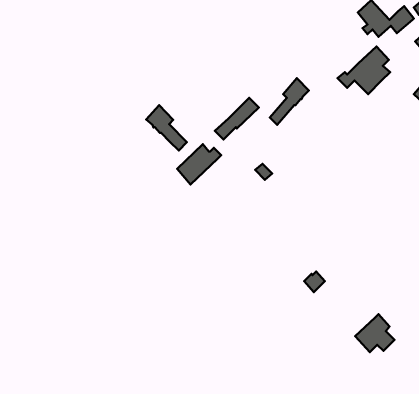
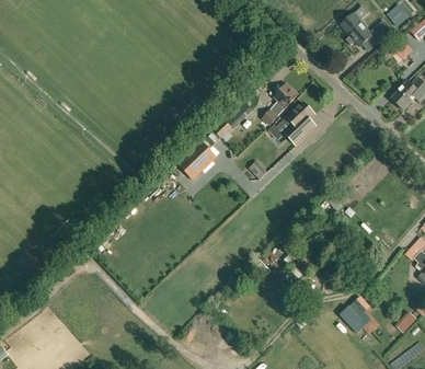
building: [338,46,390,94] -> [268,102,315,145]
building: [146,105,187,151] -> none

